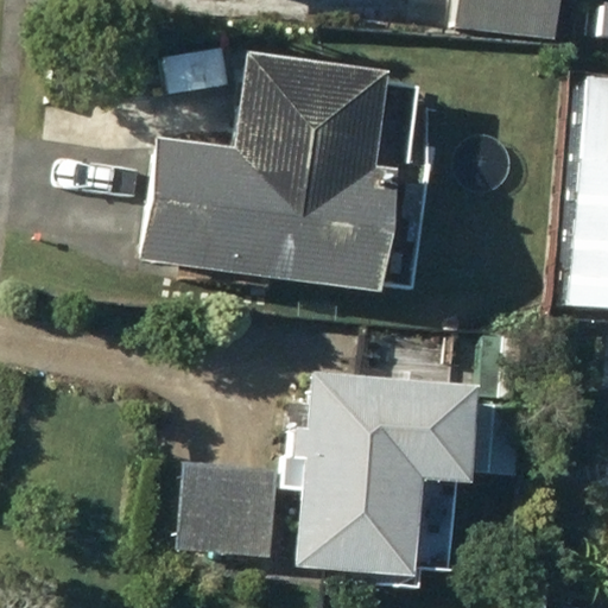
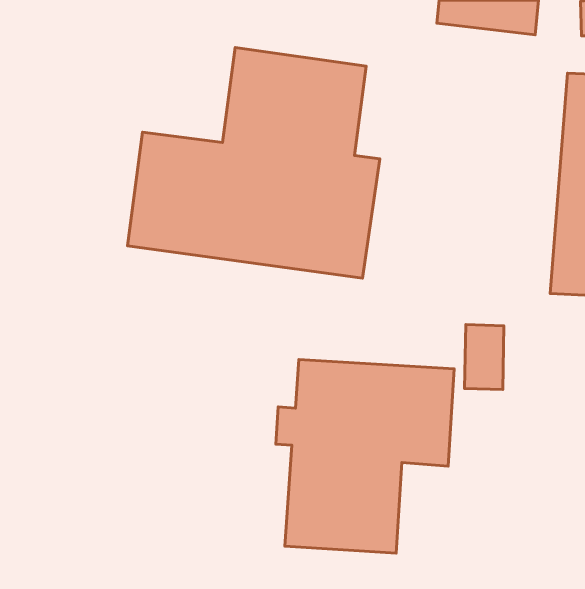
building: [179,463,281,560] -> none

